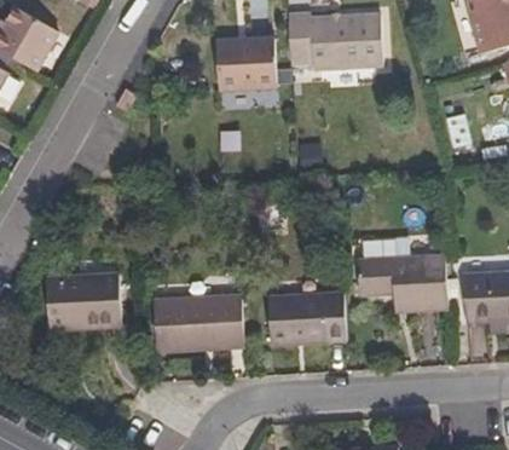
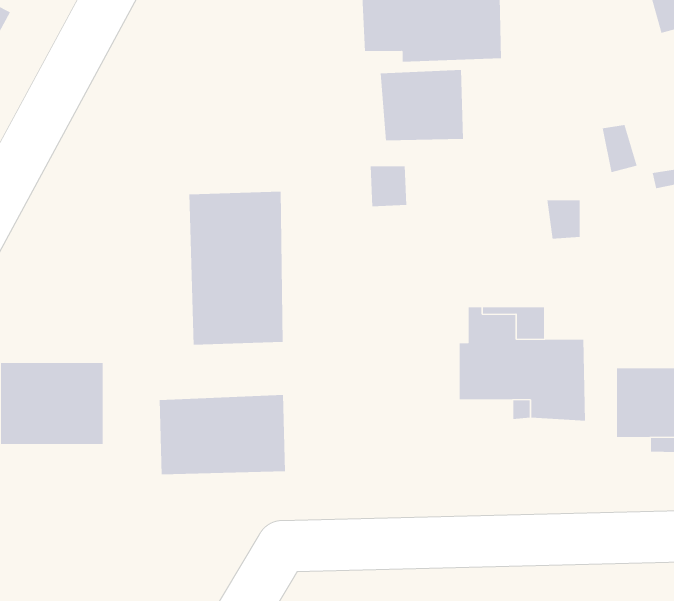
building: [221,38,278,86] -> [380,69,464,141]
building: none -> [189,191,283,346]
building: [268,293,341,341] -> none

